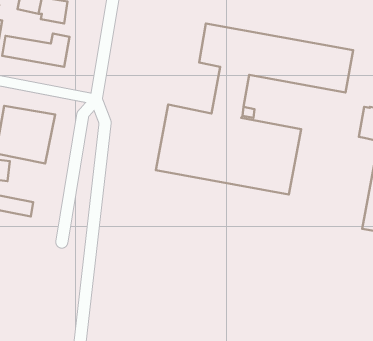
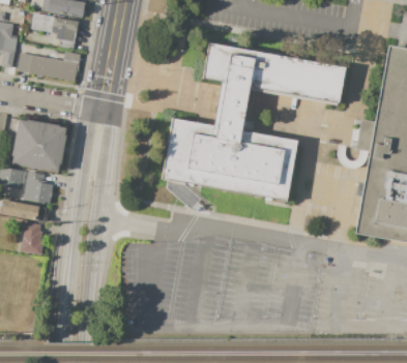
building: none -> [24,171,54,204]
building: none -> [21,221,43,254]

